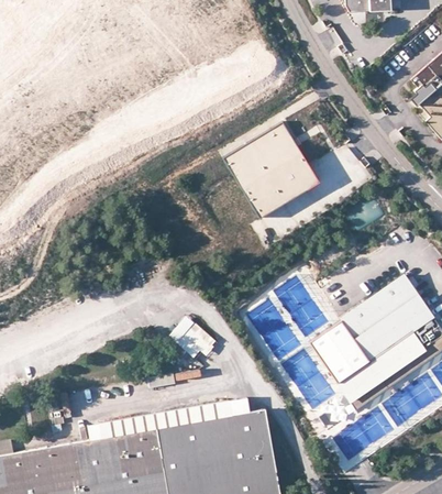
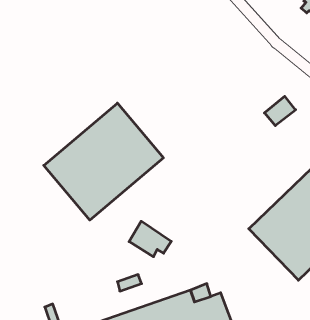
building: [222,121,319,218] -> none
building: none -> [44,103,163,220]

